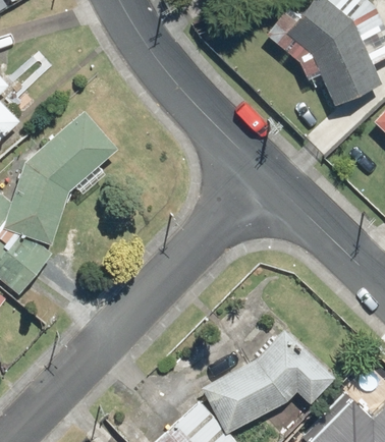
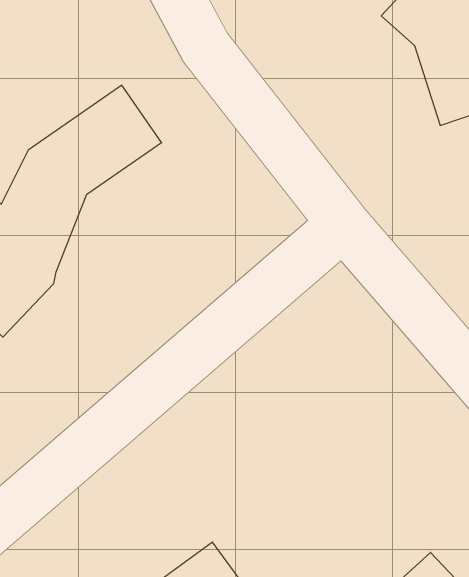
building: [206,313,341,418] -> none

